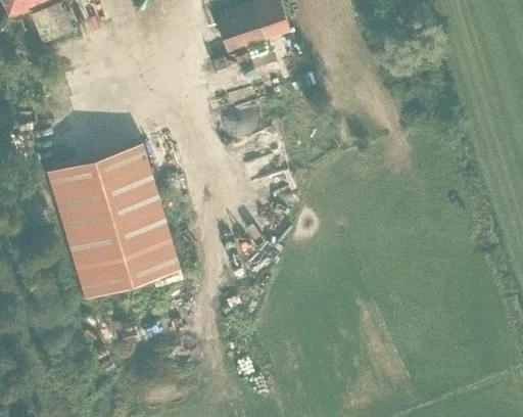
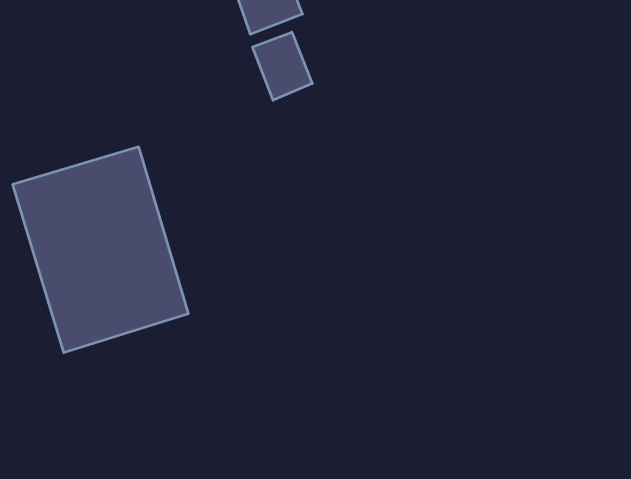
building: none -> [253,32,312,100]

